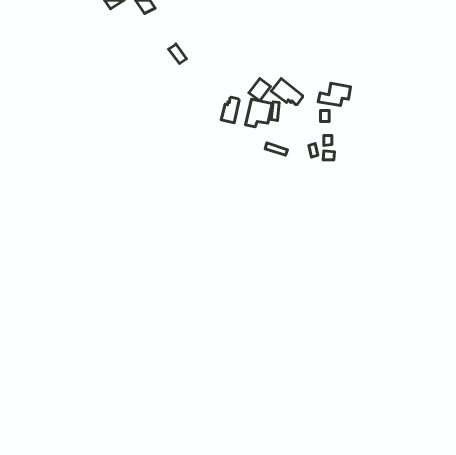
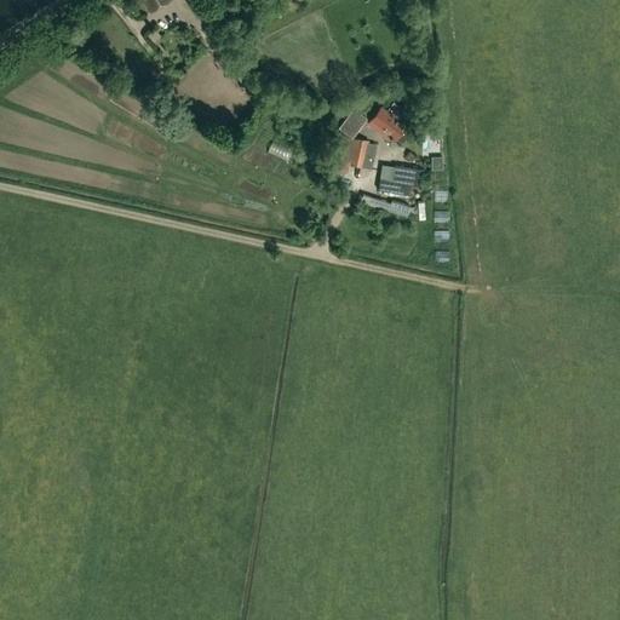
building: [318,83,350,105] -> [378,166,421,196]
building: [221,97,239,123] -> none

